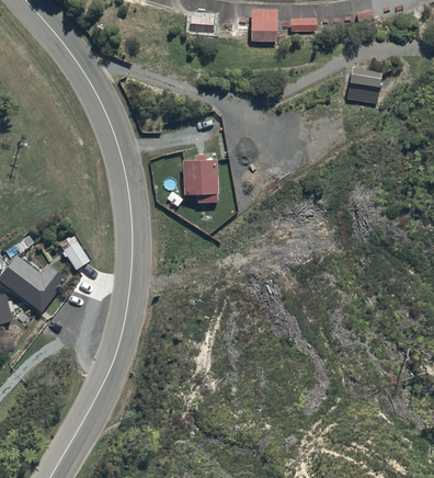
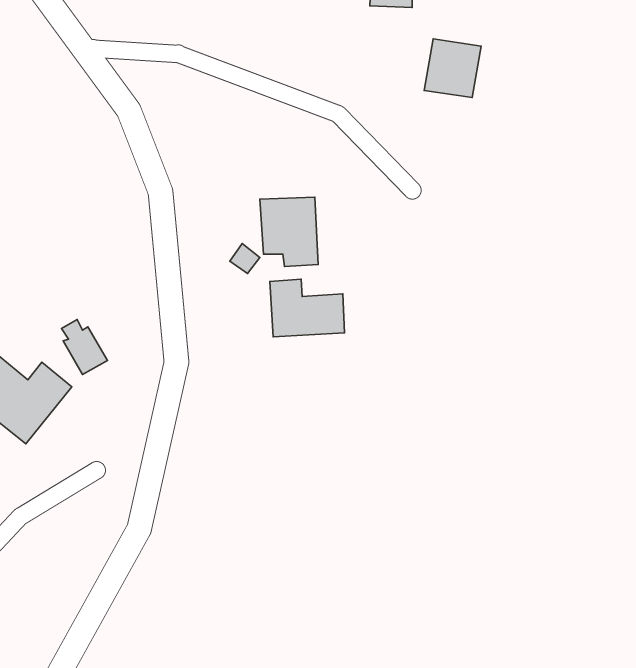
building: [346,68,381,104] -> [424,39,481,97]
building: none -> [270,279,345,337]

